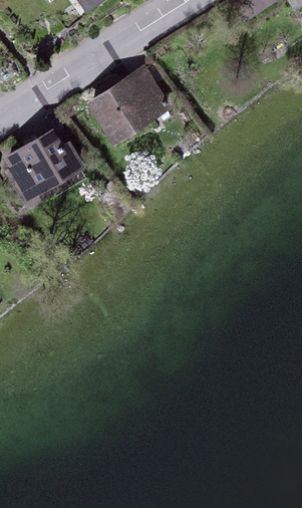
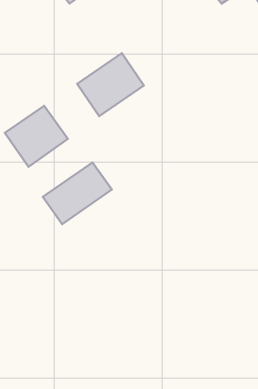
building: none -> [43,163,112,224]

